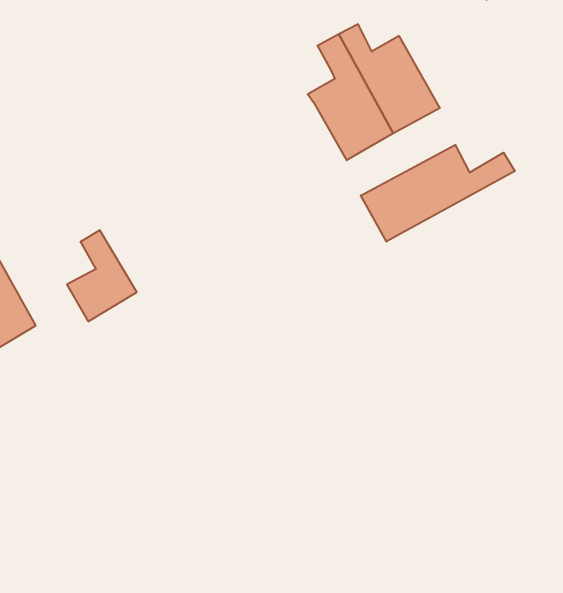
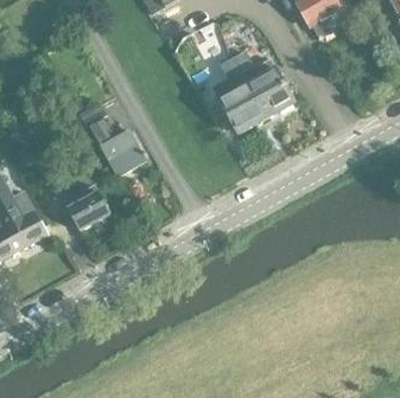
building: none -> [88,116,146,175]
building: [361,145,515,242] -> none

